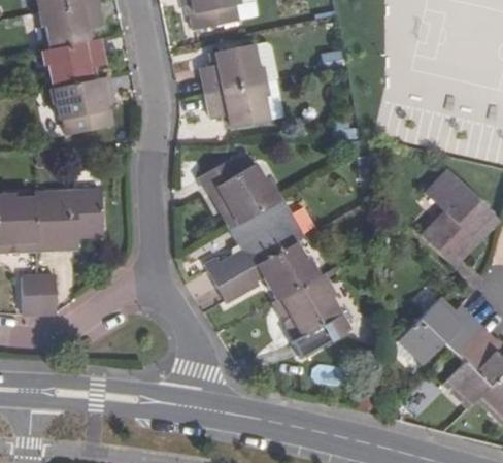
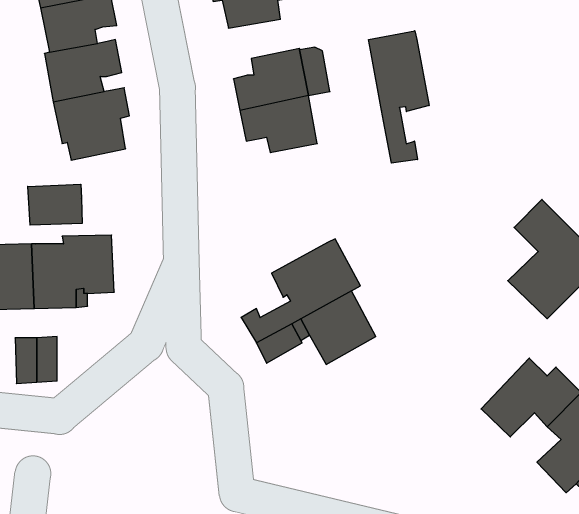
building: none -> [369,31,429,163]
building: none -> [28,184,82,225]
building: [199,158,276,226] -> none
building: [271,275,346,356] -> none

